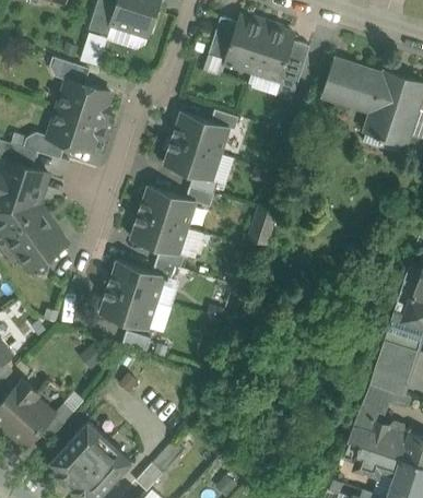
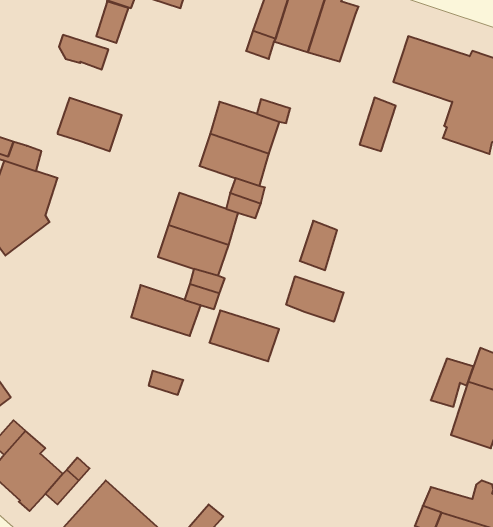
building: [280,39,309,83] -> [360,98,396,151]
building: [58,79,110,122] -> none
building: [23,132,66,159] -> none
building: [5,210,67,275] -> none
building: none -> [286,276,344,322]
building: [99,287,156,329] -> [209,310,279,361]
building: [353,392,388,431] -> [431,359,473,407]

